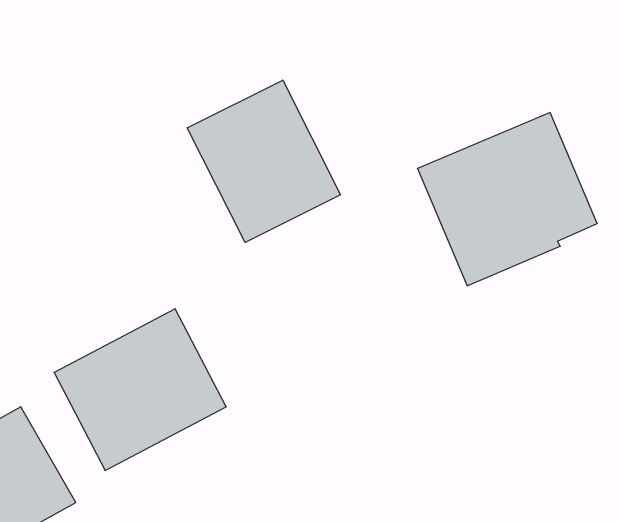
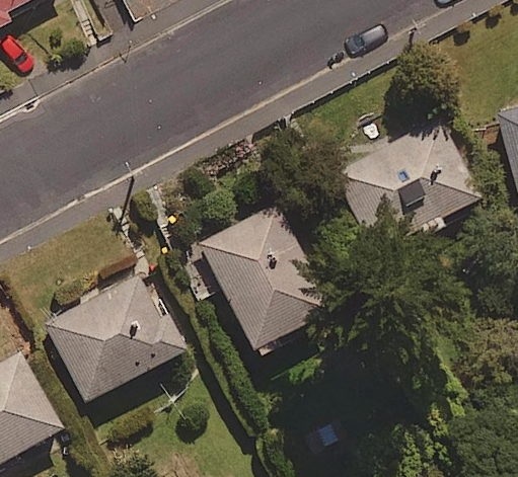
building: [187,80,341,242] -> none
building: none -> [200,203,332,349]

